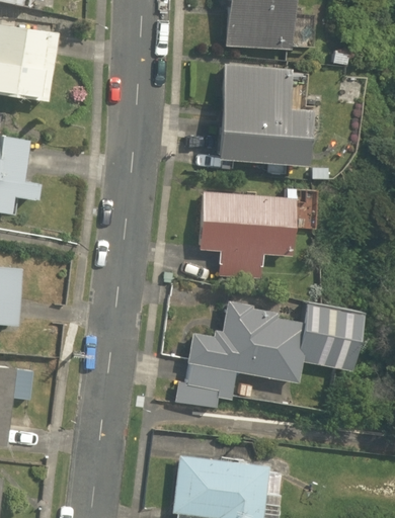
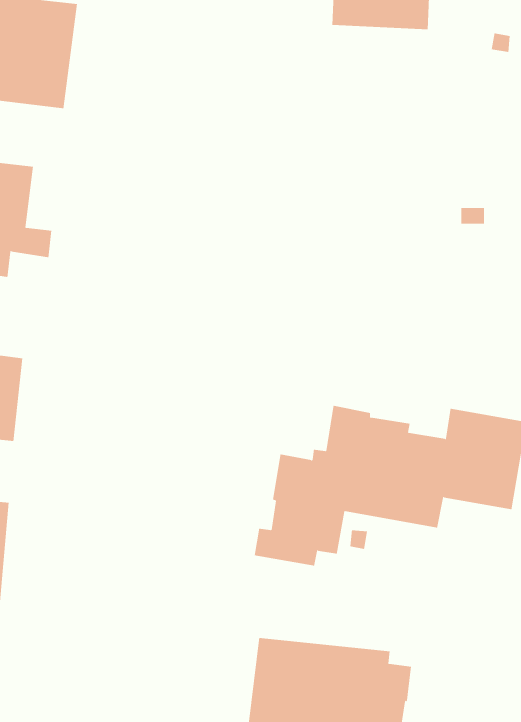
building: [219,65,312,168] -> none
building: [203,189,302,280] -> none

